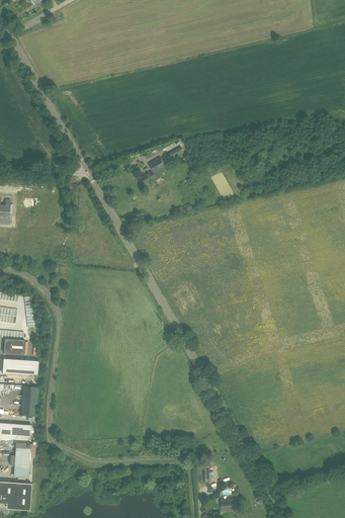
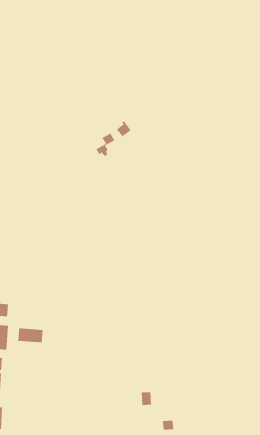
building: none -> [18,328,43,343]

